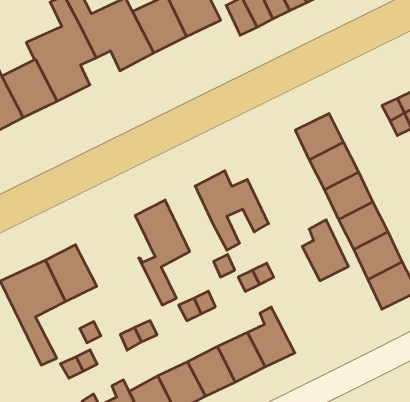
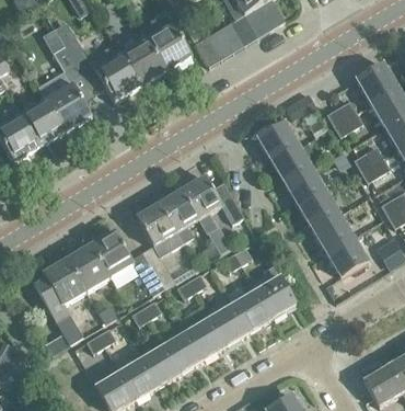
building: none -> [160,190,199,242]
building: [302,220,348,281] -> [257,267,296,317]
building: none -> [91,230,164,294]

